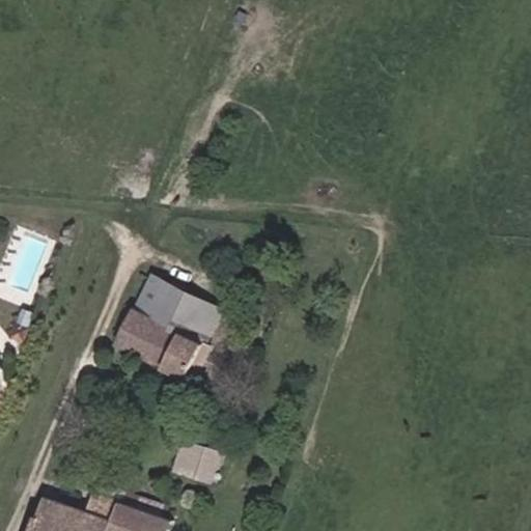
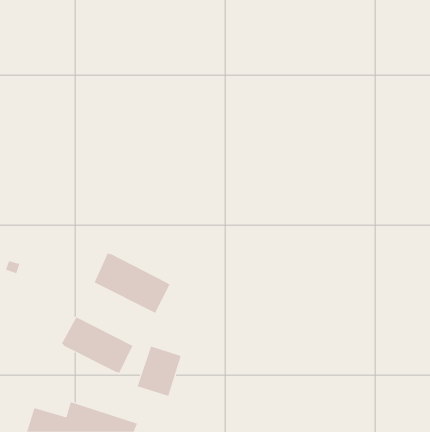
building: [136,280,223,347] -> none
building: none -> [61,317,133,374]

